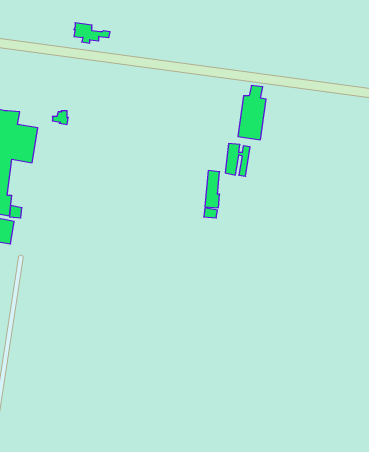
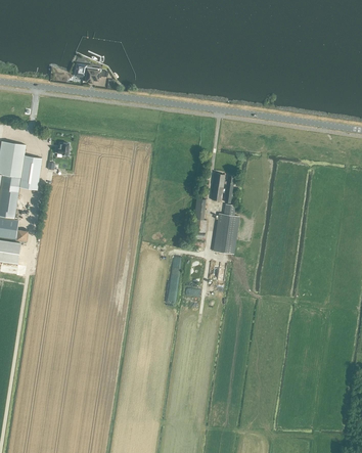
building: [238,86,266,140] -> [213,205,238,254]

